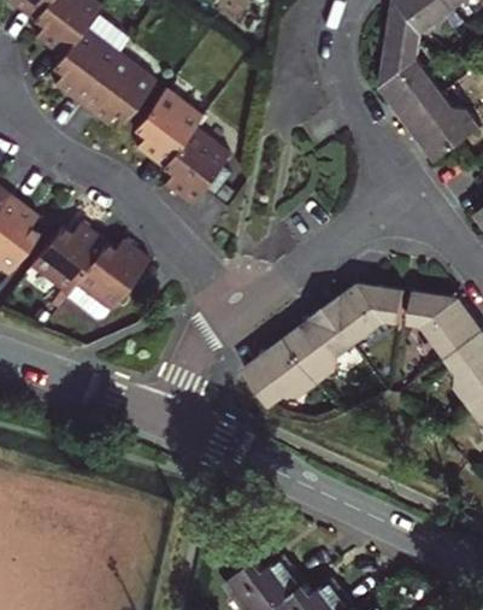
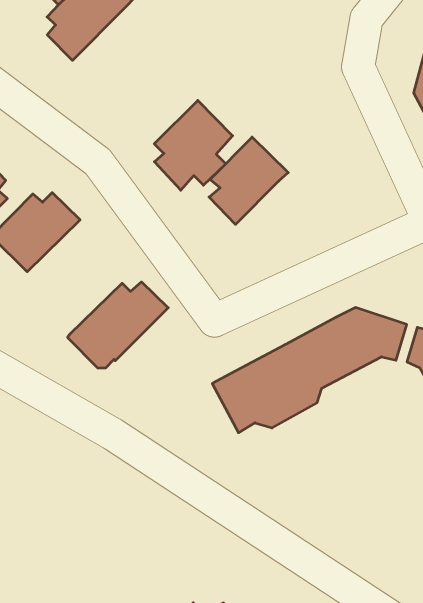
building: [78,49,154,122] -> none
building: [132,86,200,164] -> [209,137,288,224]
building: [64,236,148,317] -> [68,282,168,368]

